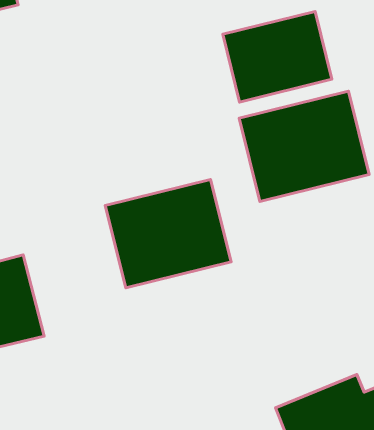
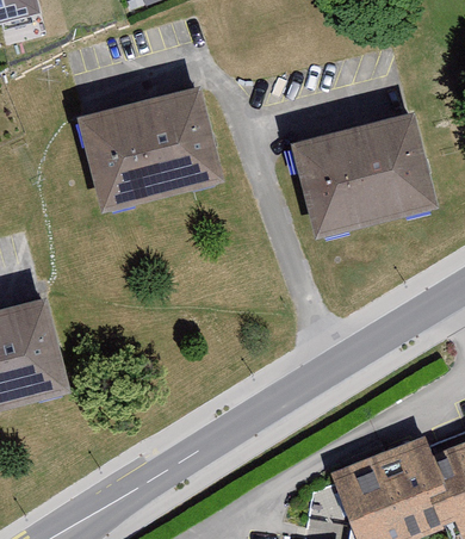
building: [223,11,332,102] -> none
building: [105,179,231,288] -> [78,86,222,210]

